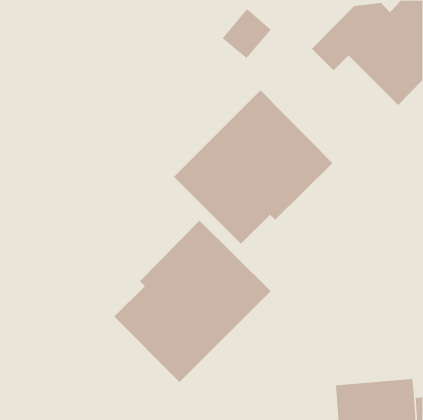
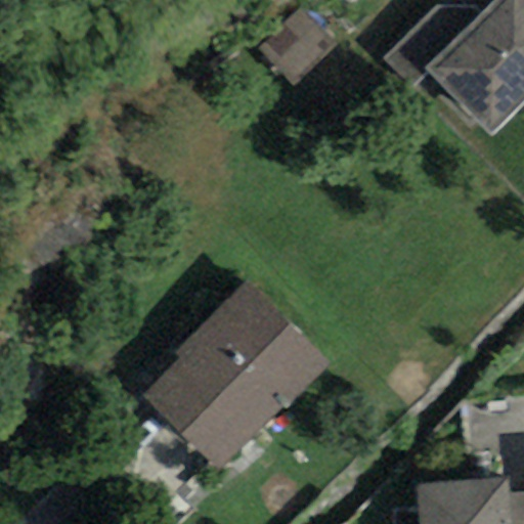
building: [173,90,333,244] -> none

